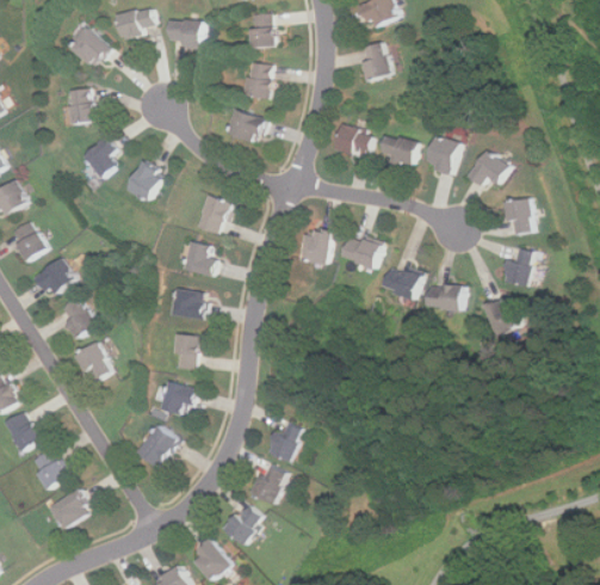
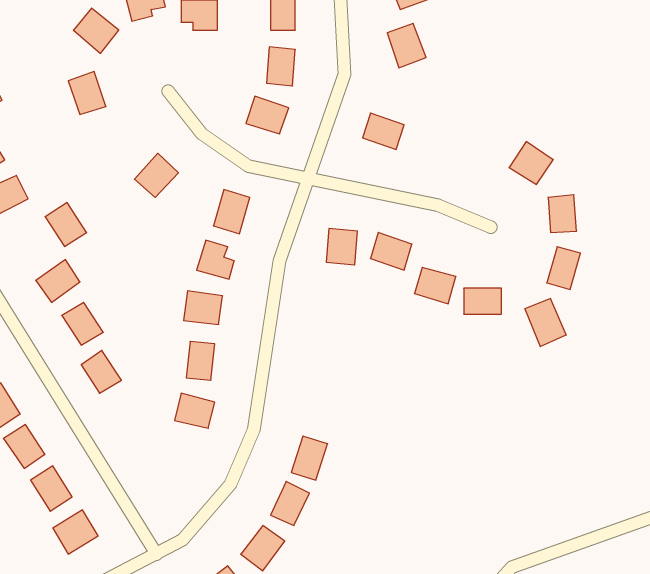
building: [377,134,416,165] -> none
building: [81,135,117,177] -> none
building: [423,135,459,174] -> none
building: [7,220,45,260] -> [45,203,87,247]
building: [136,424,178,467] -> none

